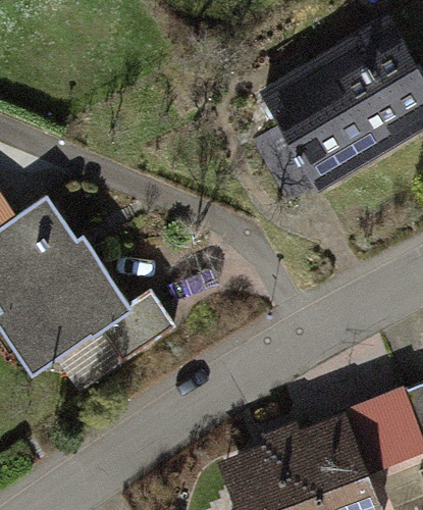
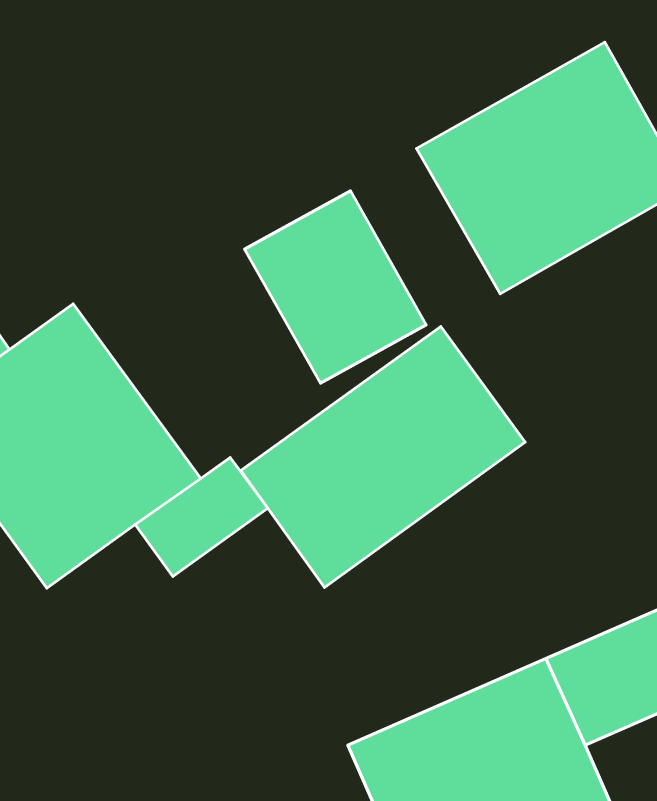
building: none -> [245,191,426,383]
building: none -> [241,327,525,587]

